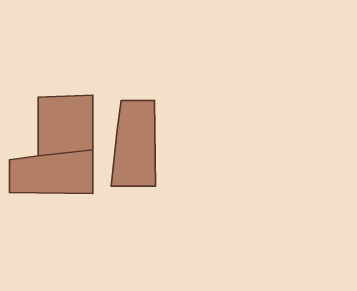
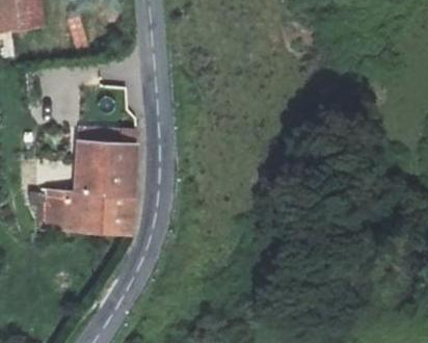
building: [111,100,155,186] -> none

